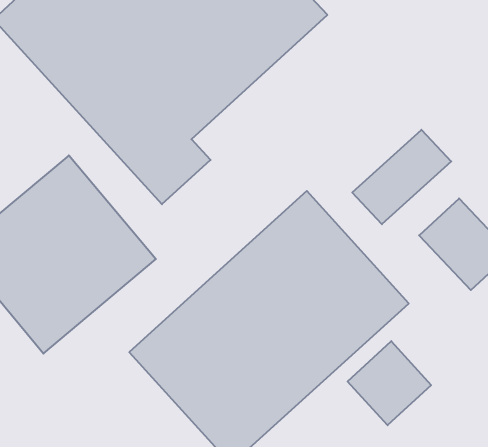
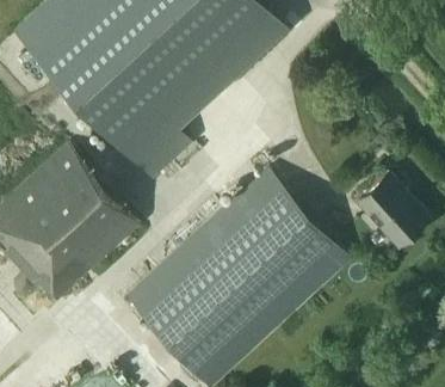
building: [352,130,451,224] -> none
building: [348,341,431,425] -> none

